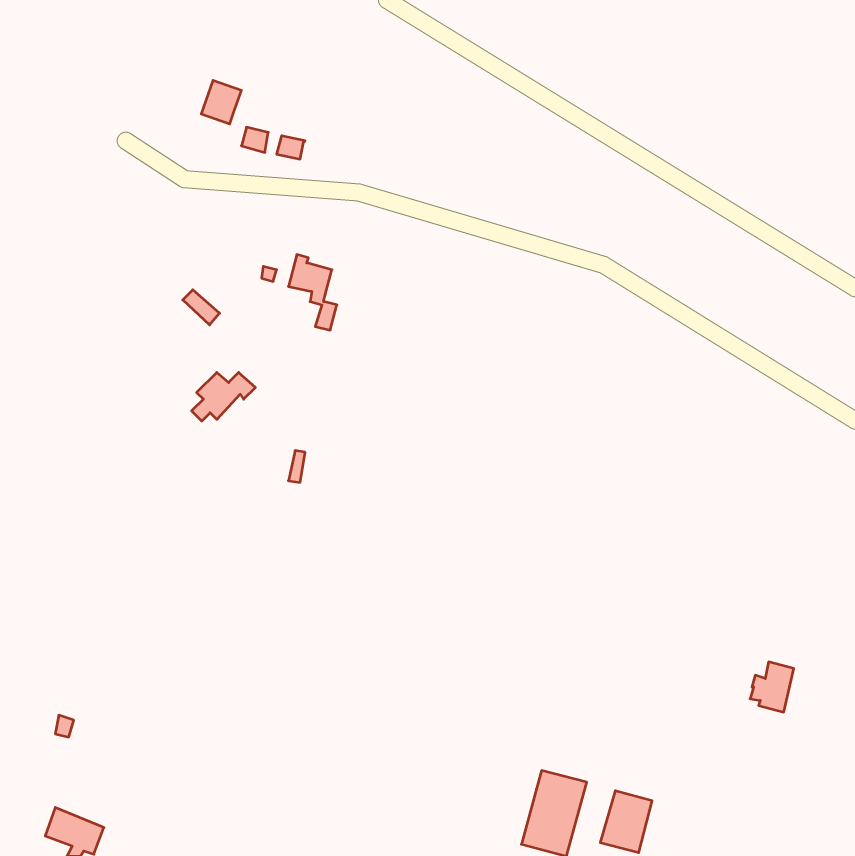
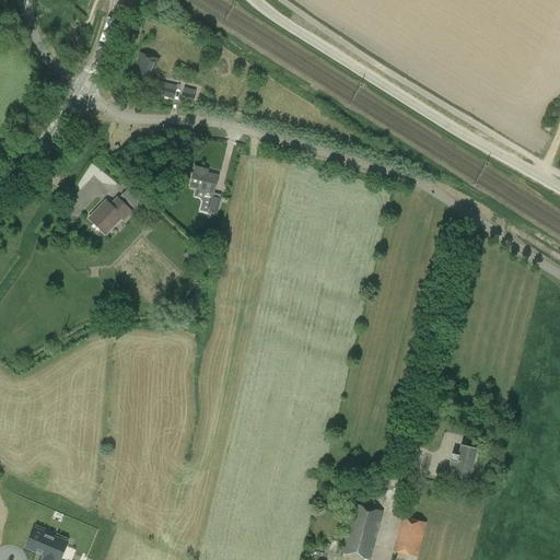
building: [192,372,255,421] -> [89,202,130,234]
building: [750,662,794,712] -> [447,444,476,477]

